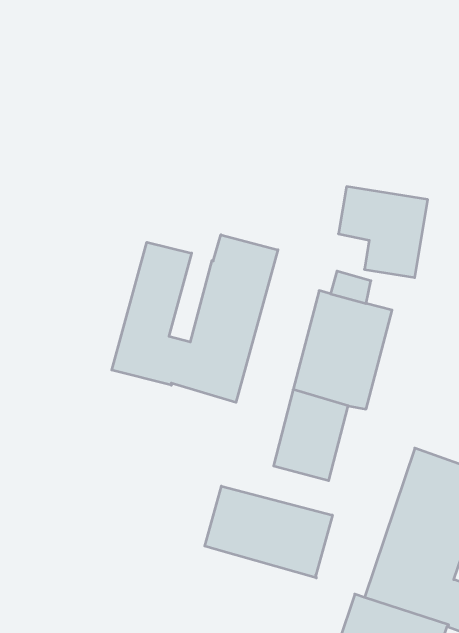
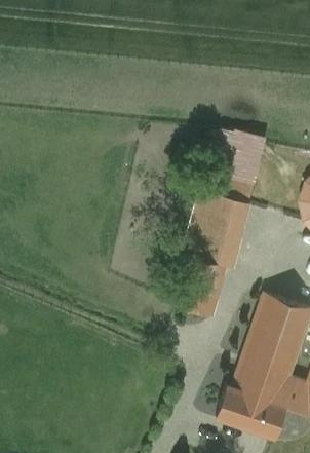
building: [112,235,278,402] -> none
building: [205,486,332,578] -> none

